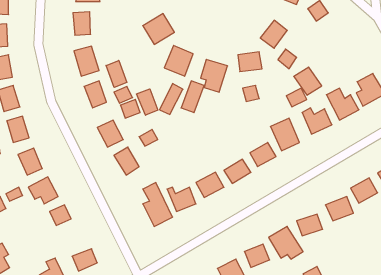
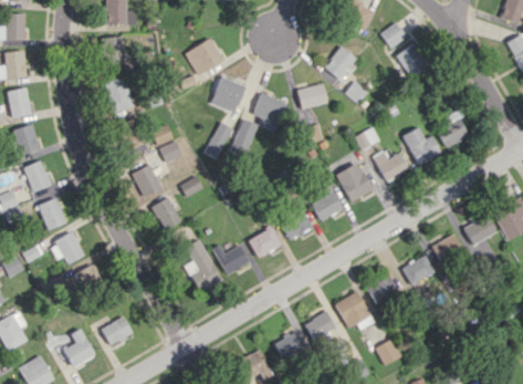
building: [106,60,127,87] -> none
building: [294,67,322,95] -> [396,44,429,77]
building: [137,89,158,115] -> none

